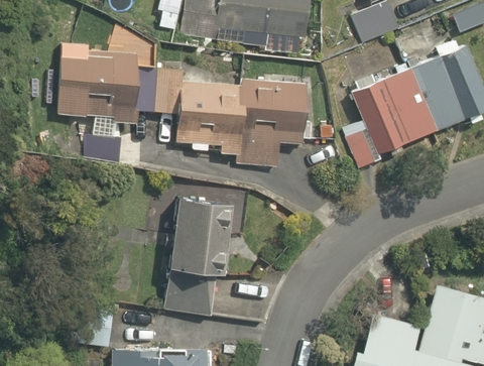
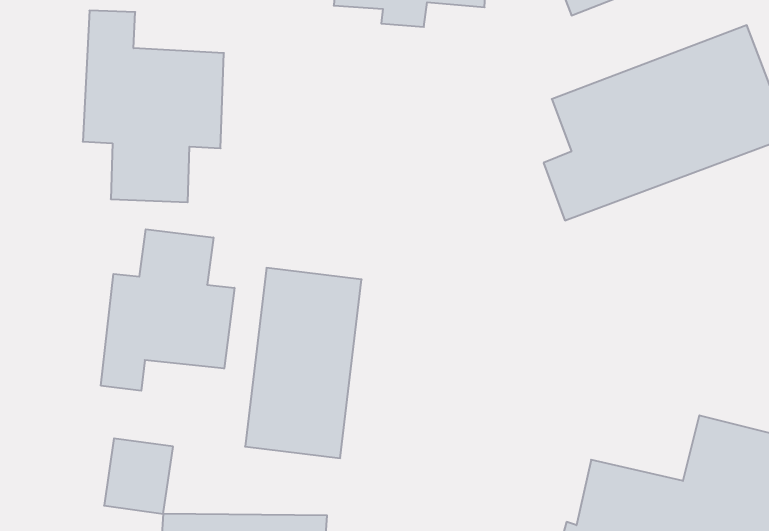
building: [149,76,312,169] -> none
building: none -> [101,229,234,391]

